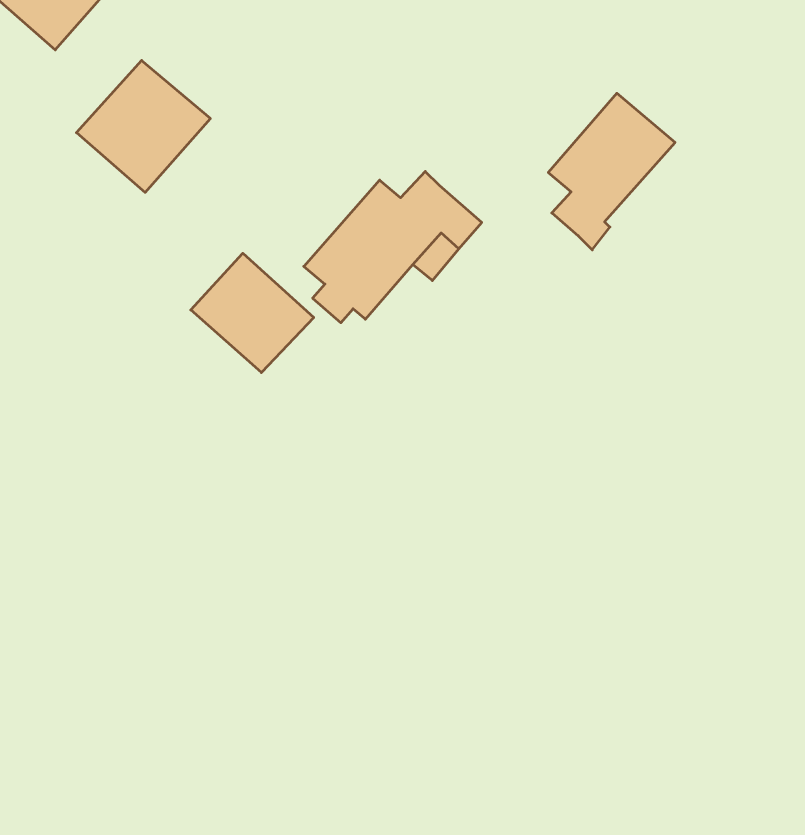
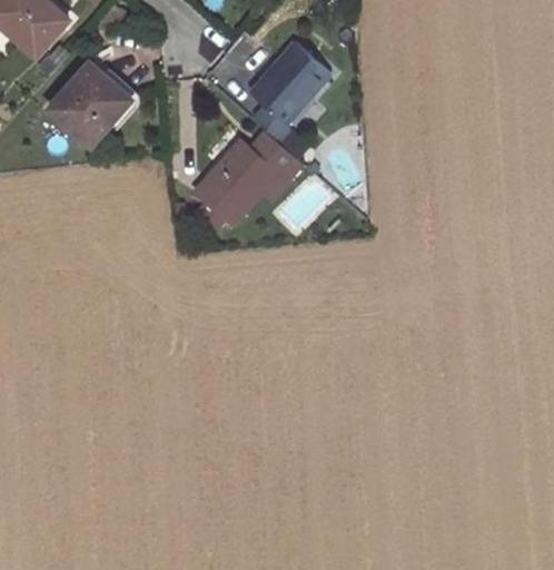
building: [548,93,675,250] -> [250,42,330,141]
building: [191,253,314,373] -> none

